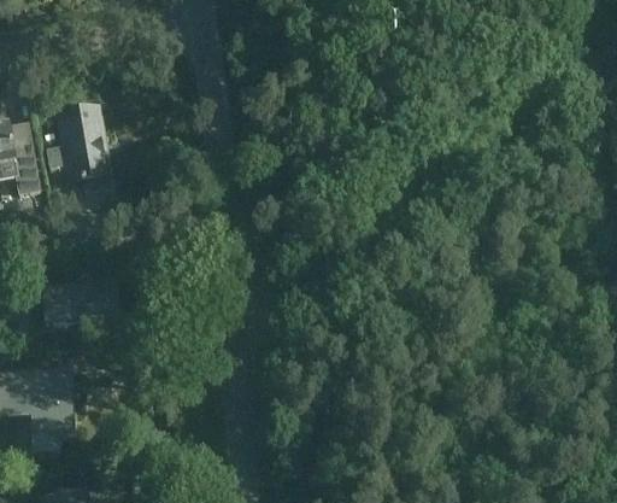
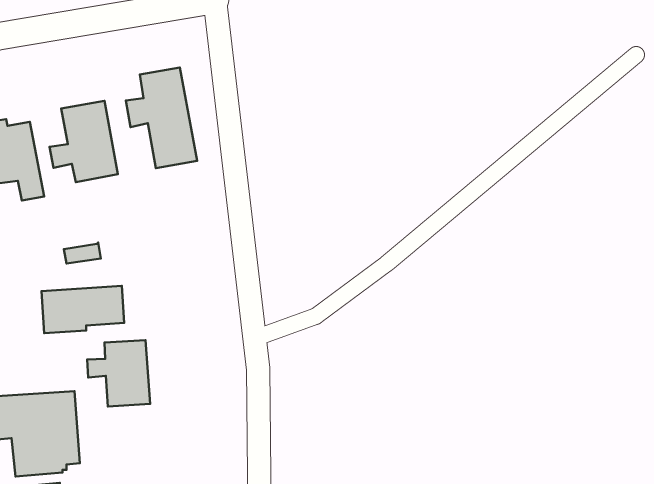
building: none -> [126,68,197,168]
building: none -> [87,340,150,407]

